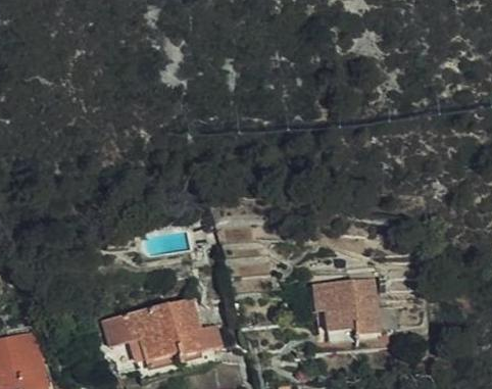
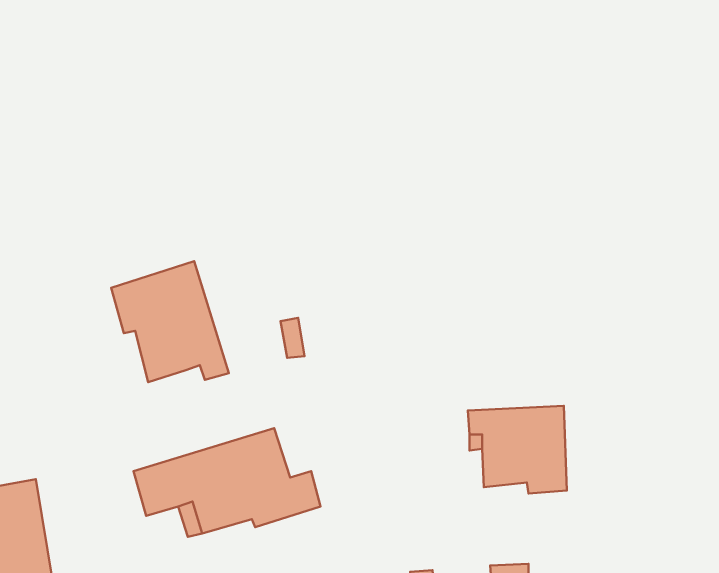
building: none -> [111,261,229,382]

